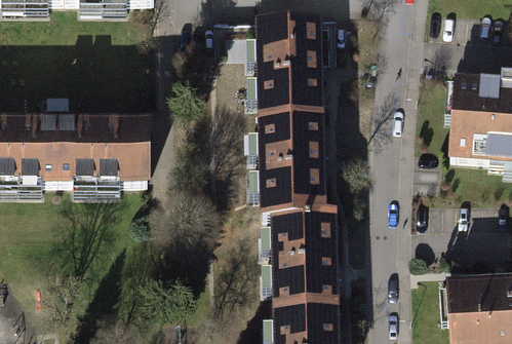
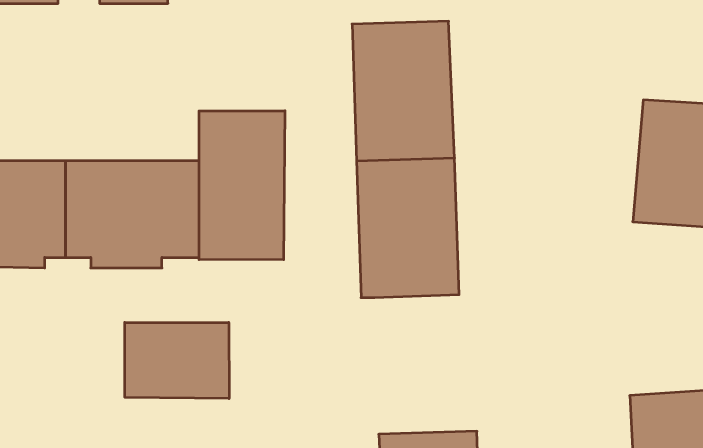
building: none -> [199,111,285,260]
building: [268,209,339,306] -> none
building: none -> [125,322,229,399]

